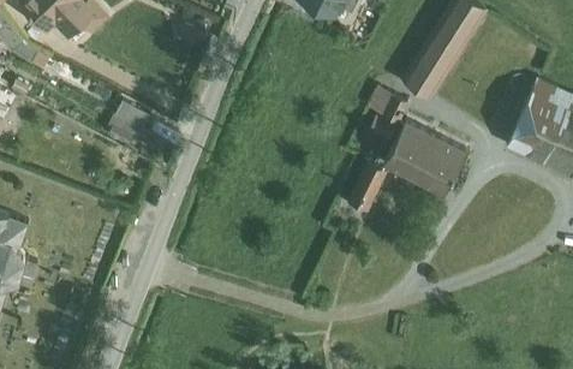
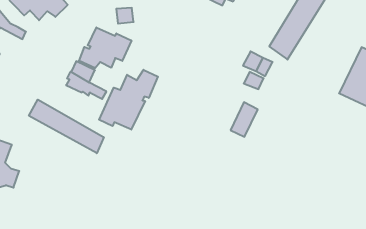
building: none -> [79,27,131,68]
building: none -> [99,70,158,130]
building: [382,121,467,196] -> none
building: none -> [29,100,104,153]

